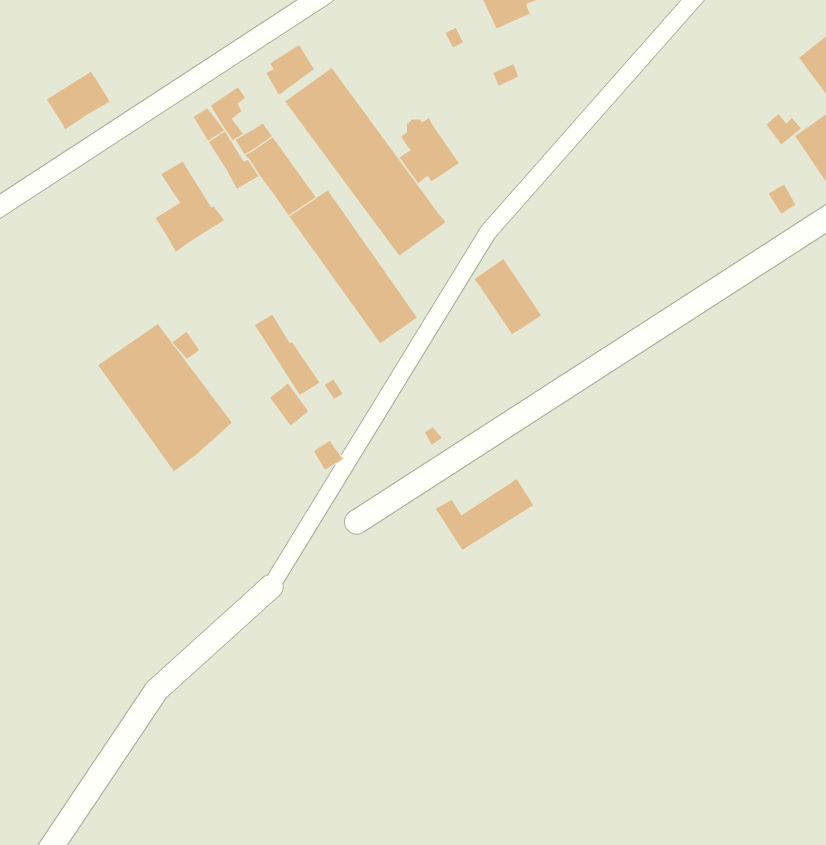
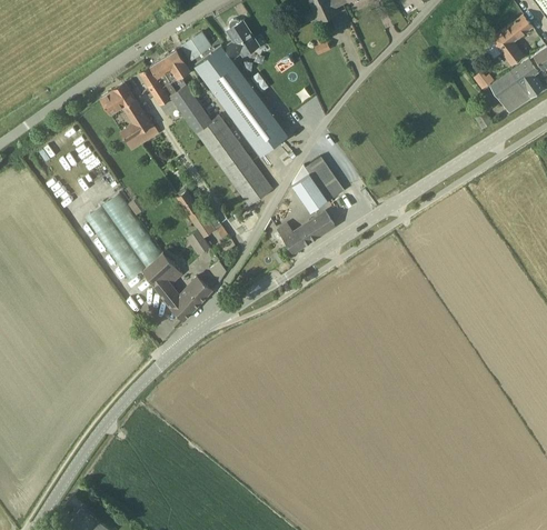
building: [46,71,111,130] -> [97,81,135,116]
building: none -> [163,50,190,83]
building: [399,117,460,184] -> [223,20,259,59]
building: none -> [291,166,326,211]
building: none -> [142,251,212,320]
building: [435,478,534,551] -> [277,210,335,252]

